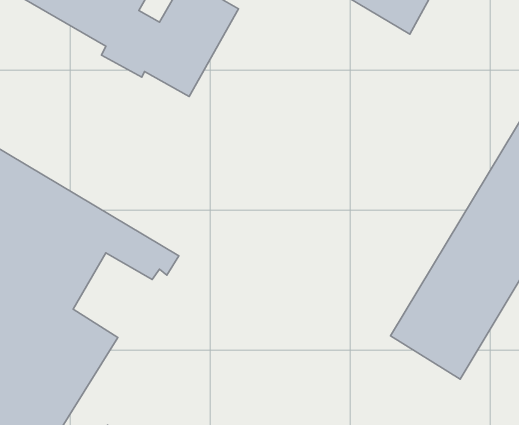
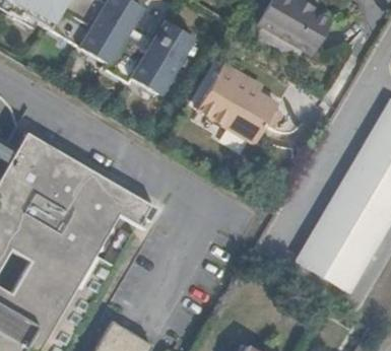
building: none -> [195,61,274,141]

